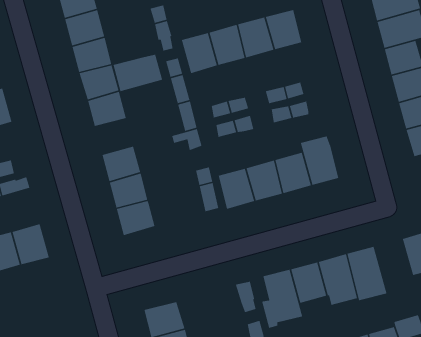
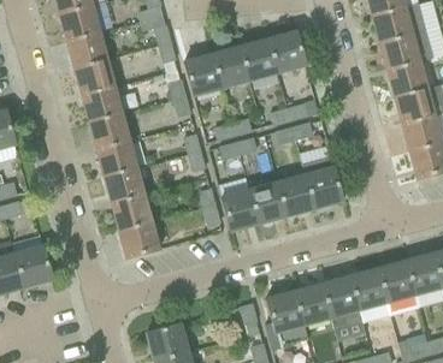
building: [113,54,163,92] -> [98,138,148,177]
building: none -> [378,261,419,316]

